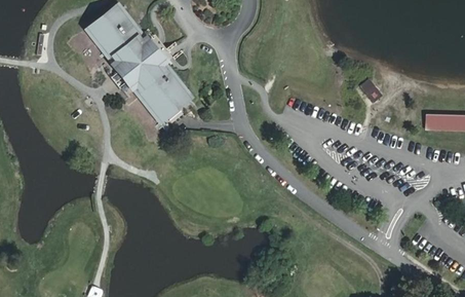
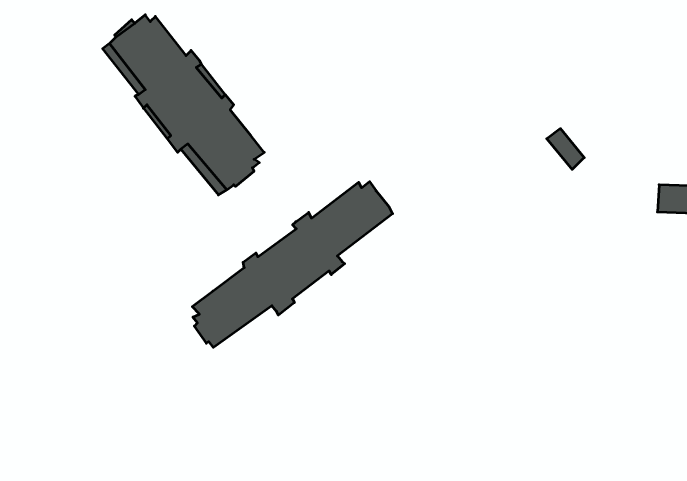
building: none -> [192,182,393,347]

